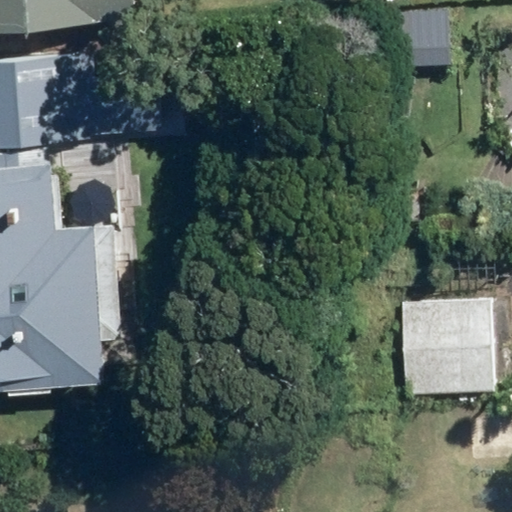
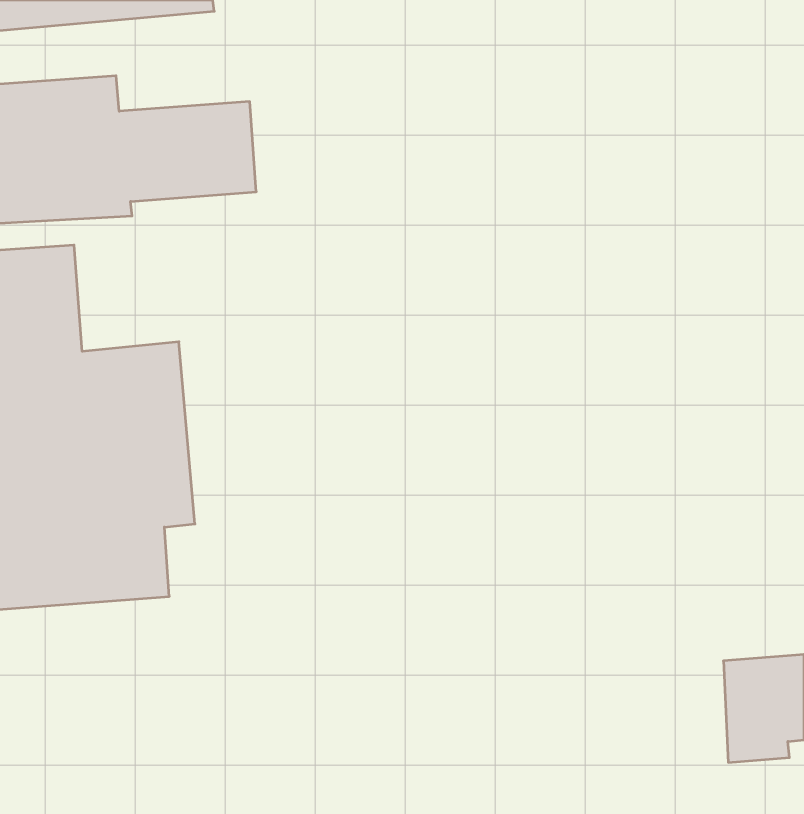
building: [386,300,484,398] -> none

